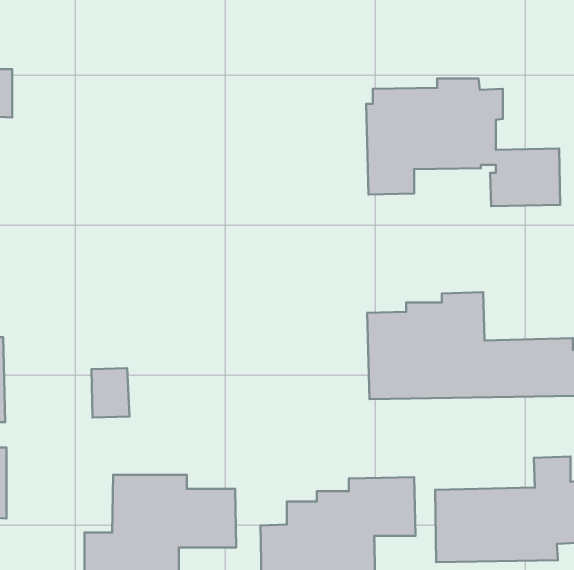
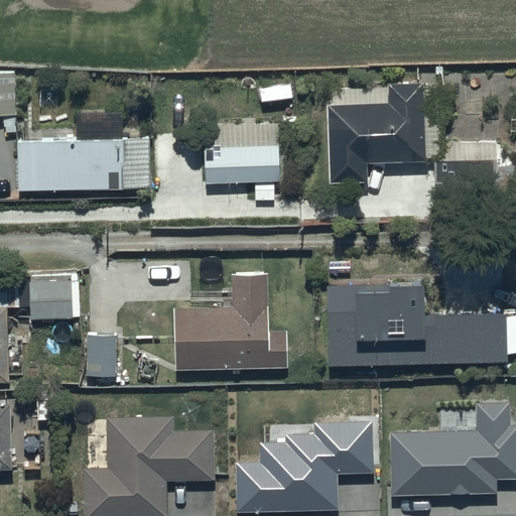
building: none -> [203,123,280,182]
building: none -> [18,137,148,191]
building: none -> [174,271,288,370]
building: none -> [27,274,79,319]

